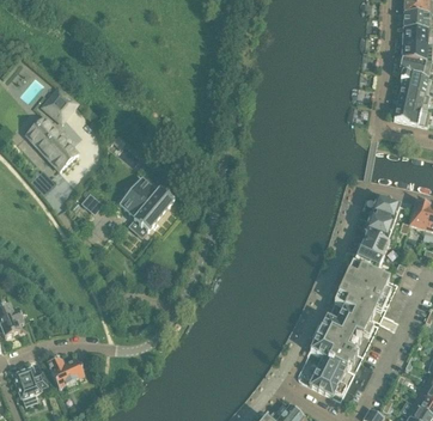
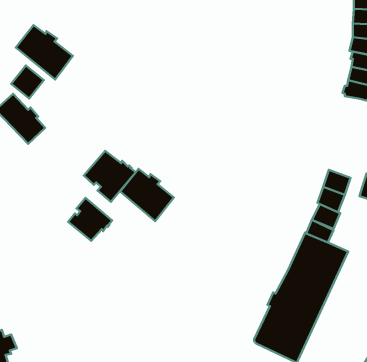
building: none -> [16,25,73,80]
building: none -> [120,169,174,221]
building: none -> [68,198,112,241]
building: [47,358,84,386] -> none

